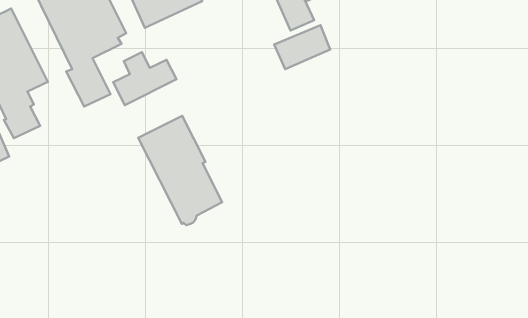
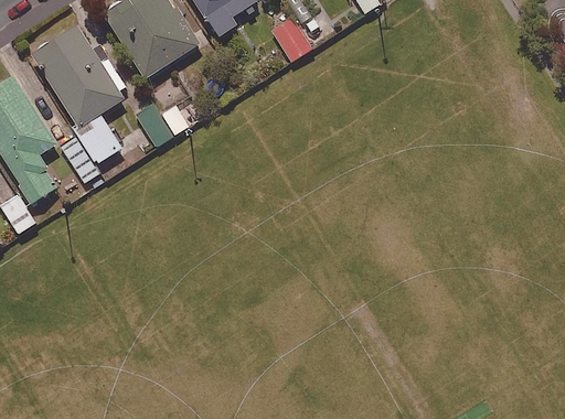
building: [274,25,330,69] -> none
building: [138,116,222,225] -> none

